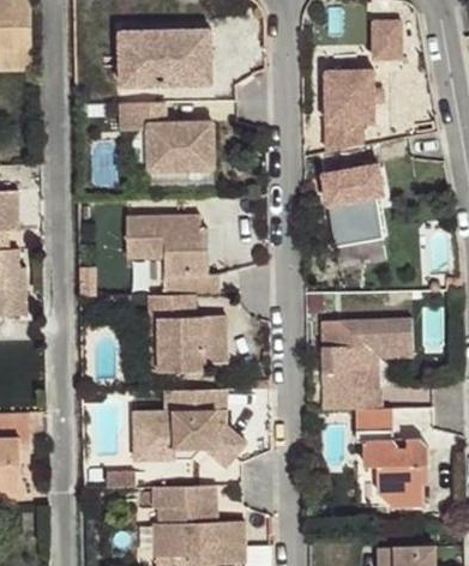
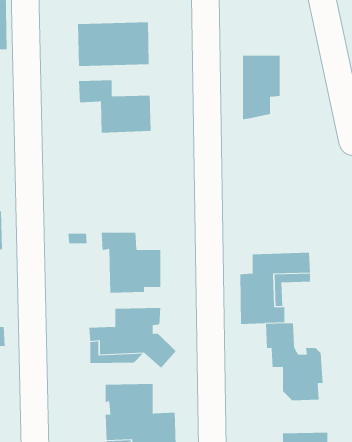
building: [369,17,403,59] -> none
building: [332,143,391,246] -> none
building: [126,216,218,295] -> none

